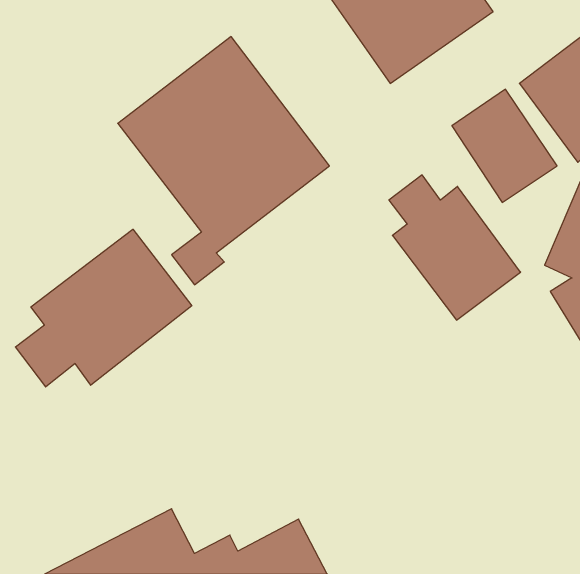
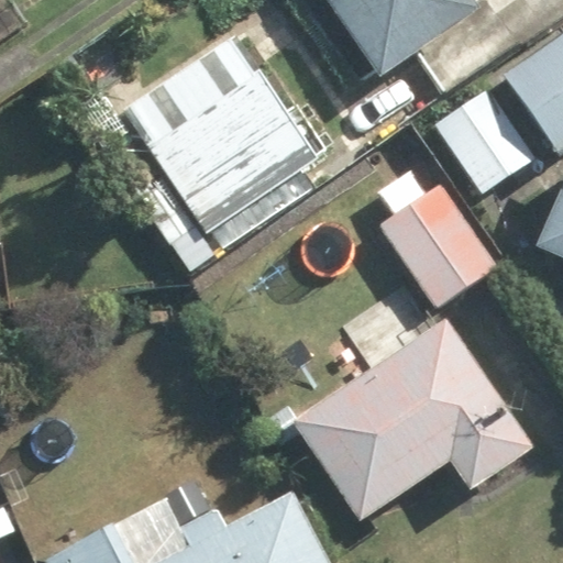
building: [15,229,192,387] -> none
building: none -> [298,321,539,518]

